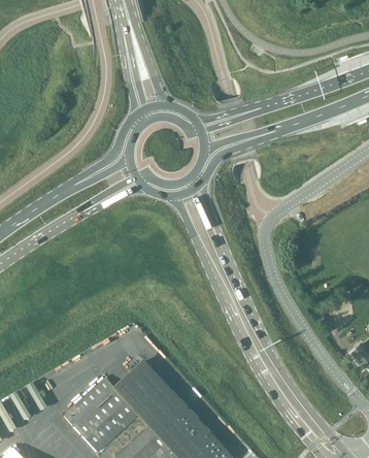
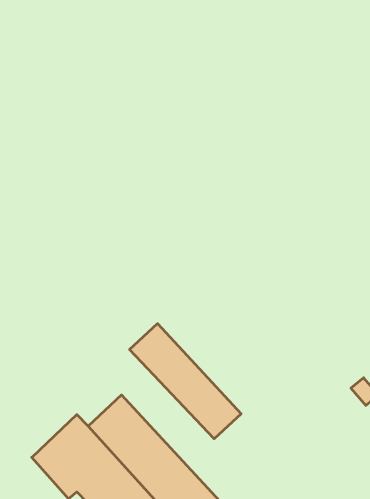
building: none -> [130,324,241,439]

